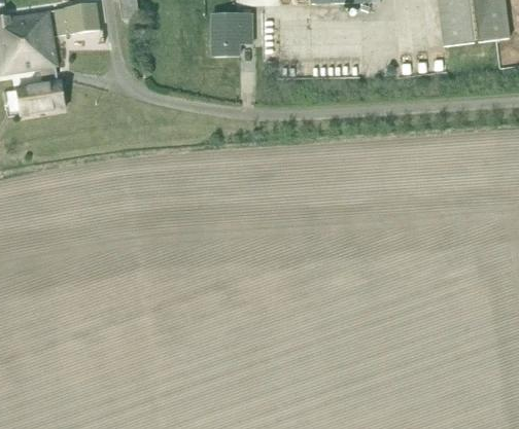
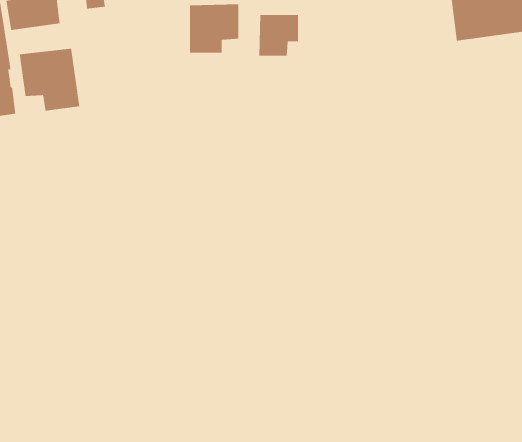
building: none -> [259,14,299,56]
building: none -> [19,48,80,112]

